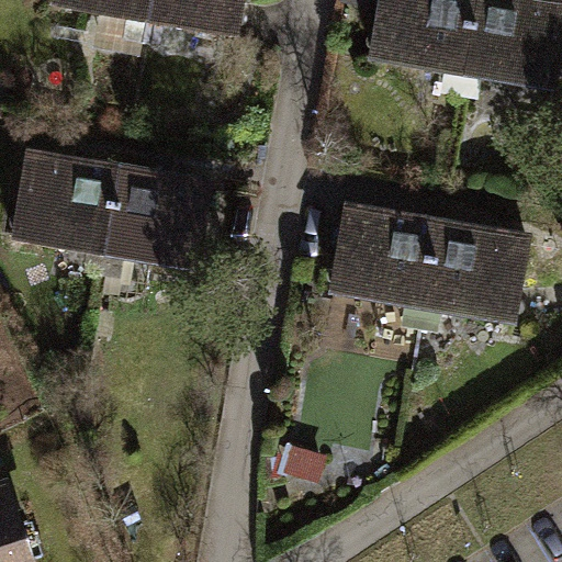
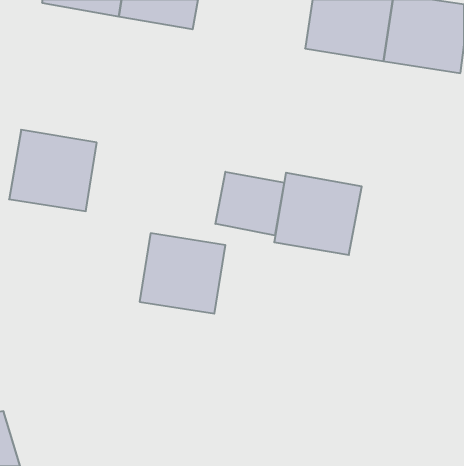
building: [103,171,206,268] -> [140,233,225,314]
building: none -> [215,172,284,235]
building: [419,224,525,323] -> none

